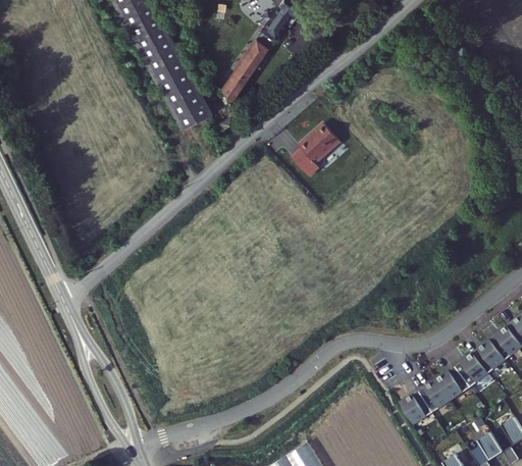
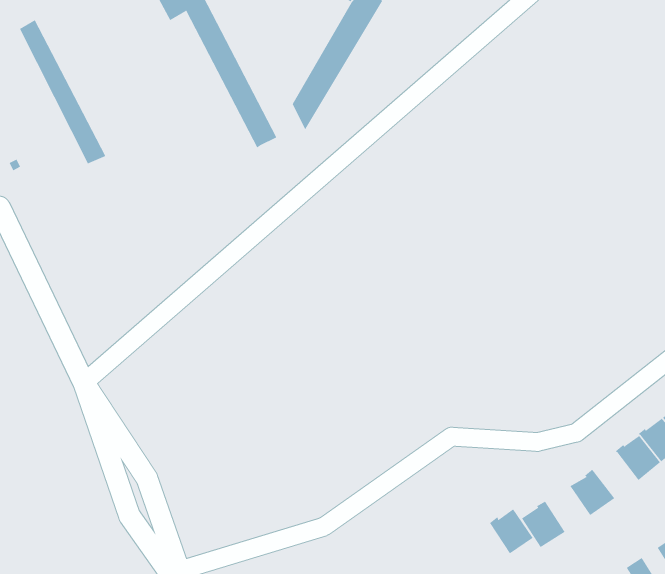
building: [129,19,196,130] -> [19,19,106,164]
building: [291,127,337,178] -> none
building: [451,355,485,390] -> none
building: [415,380,449,415] -> [489,508,534,554]

